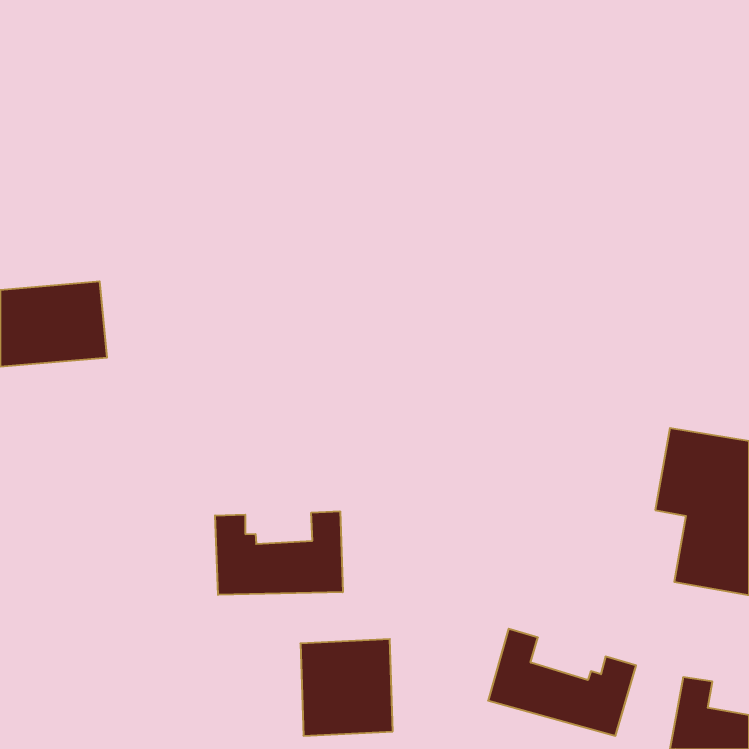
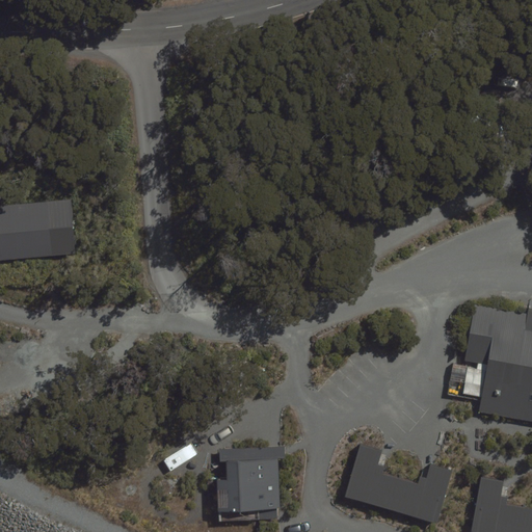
building: [215,511,343,595] -> none

